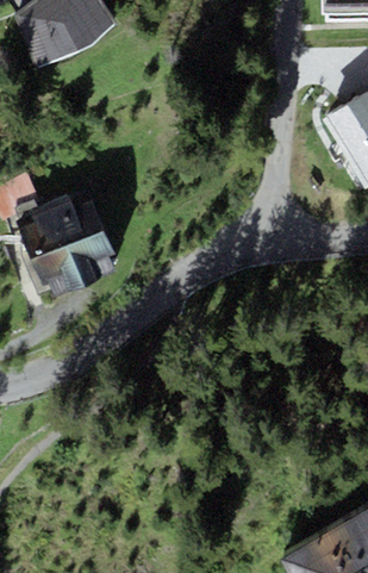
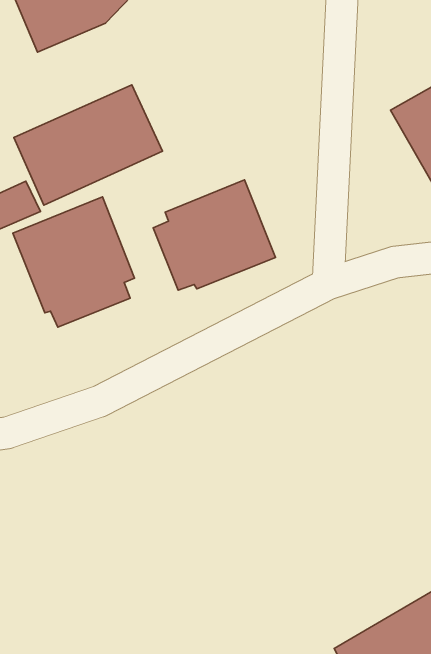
building: none -> [14,85,163,205]
building: none -> [153,180,275,290]

